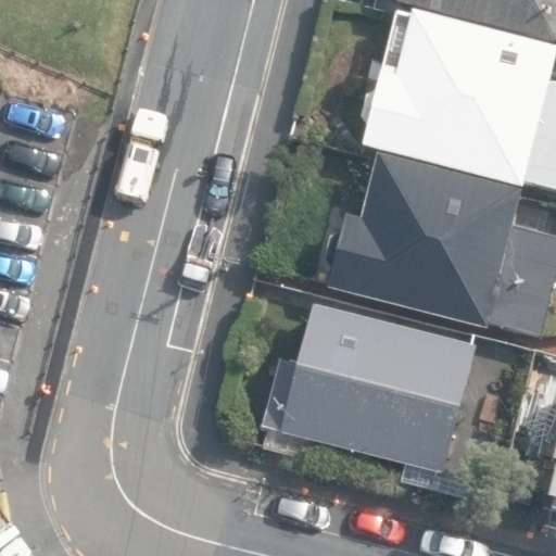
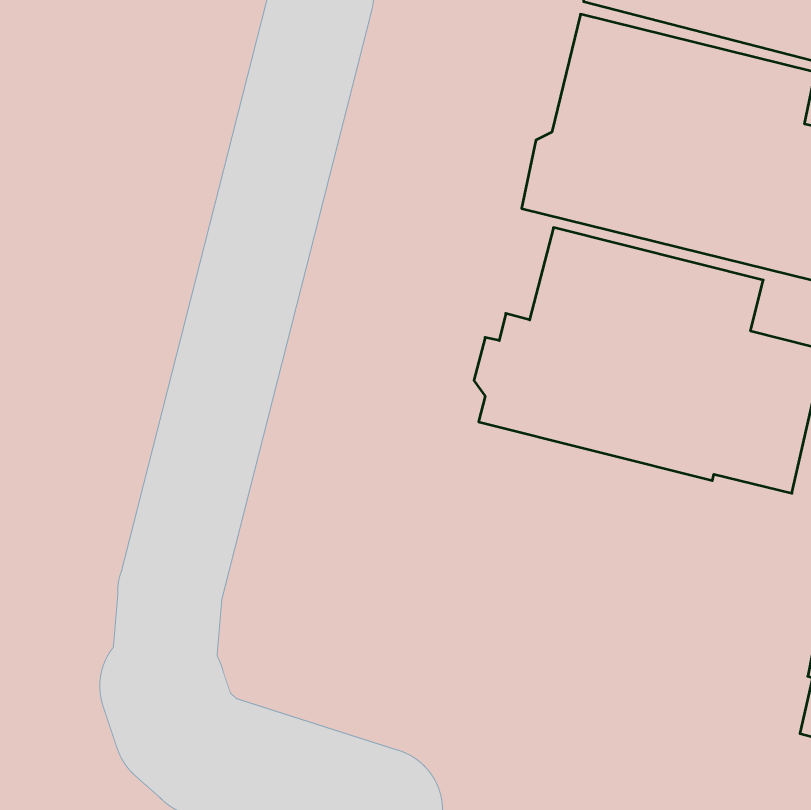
building: [263,302,477,472] -> none

